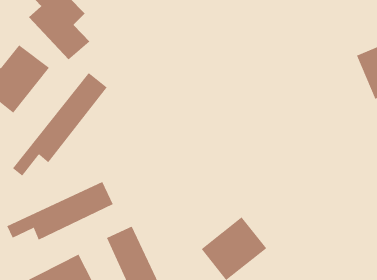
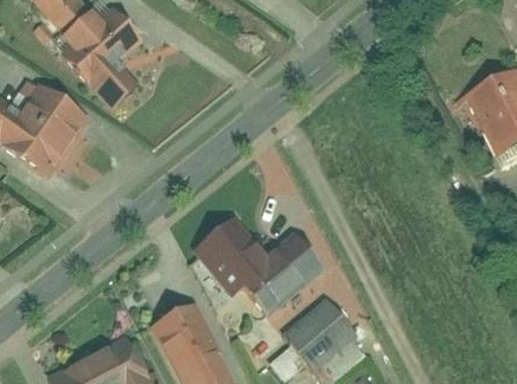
building: [12,72,108,176] -> none
building: none -> [196,218,328,312]
building: [7,181,113,240] -> none

